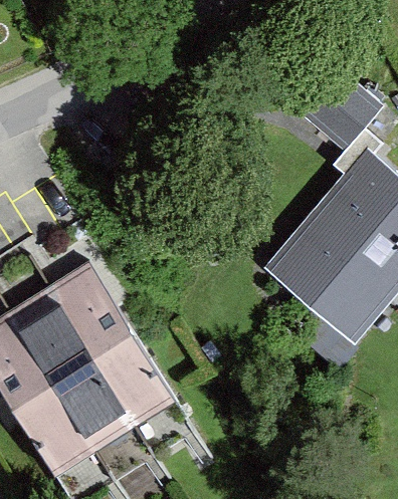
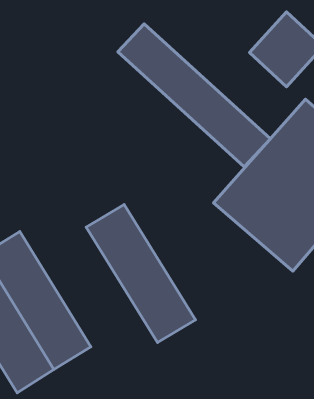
building: none -> [118,24,270,167]
building: [51,270,173,424] -> [86,205,195,342]

